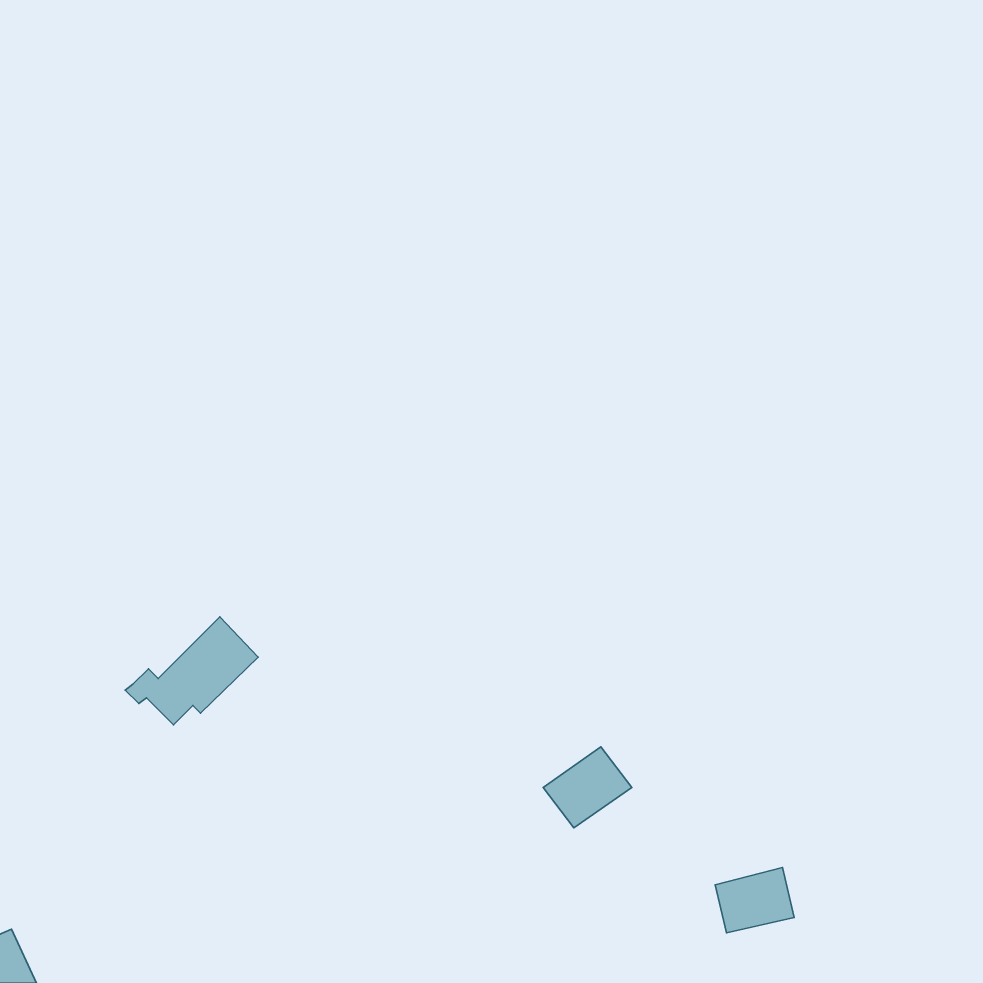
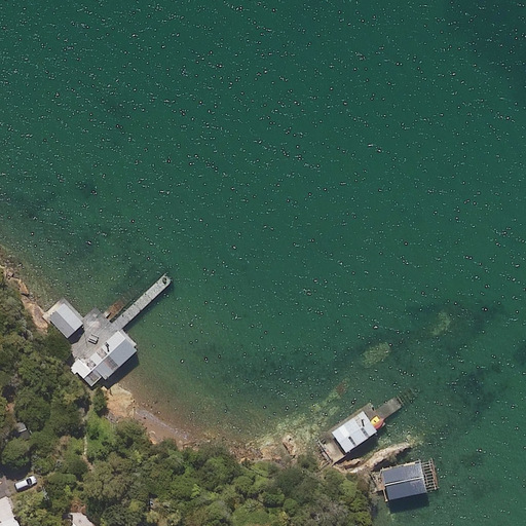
building: none -> [45,297,85,338]
building: [543,747,632,828] -> [329,412,376,455]

